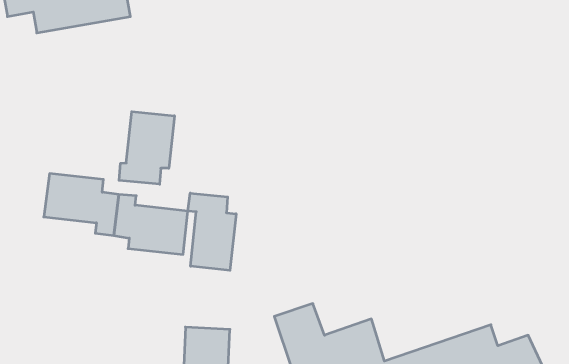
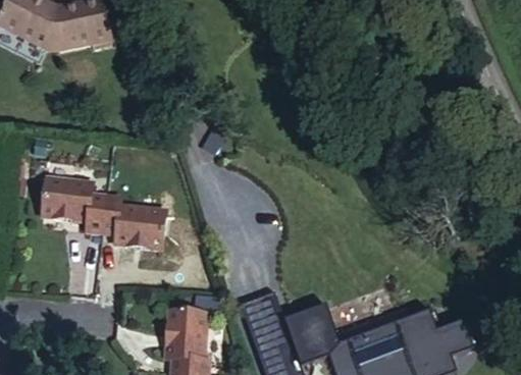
building: [119,112,174,184] -> none
building: [188,193,236,270] -> none

